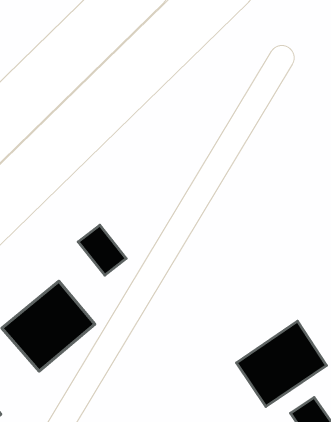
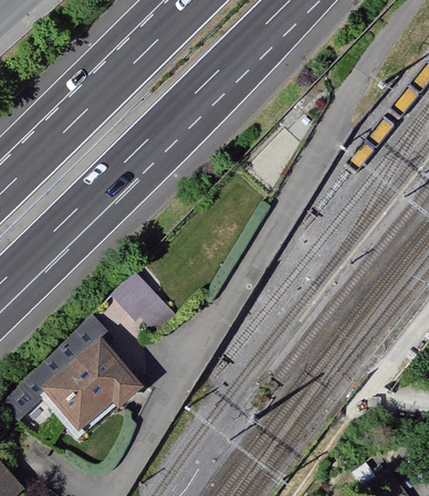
building: [236,321,326,406] -> none

